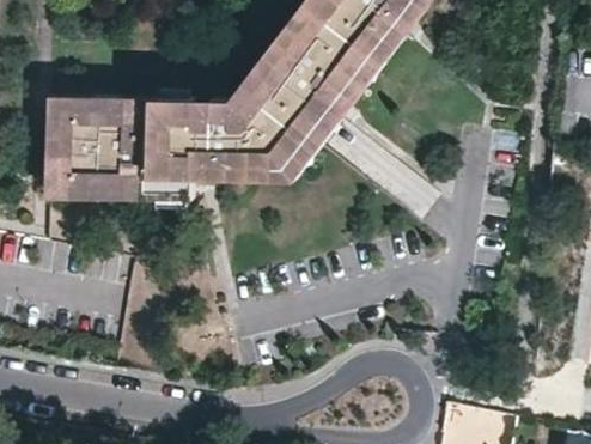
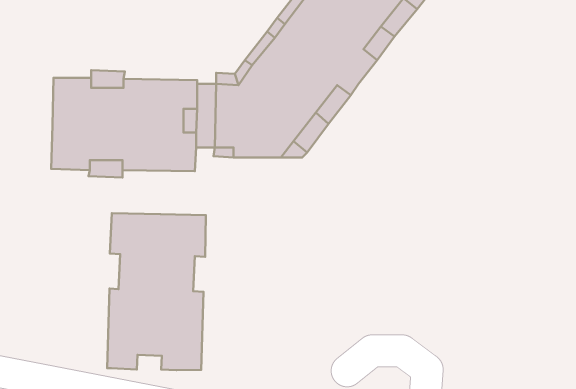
building: none -> [107,213,206,370]

